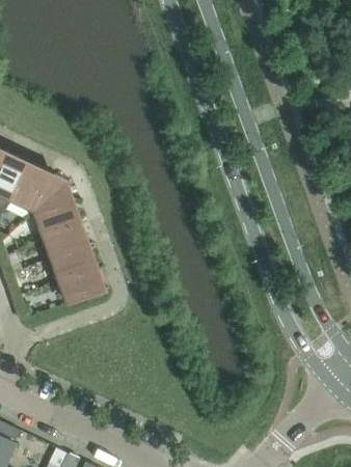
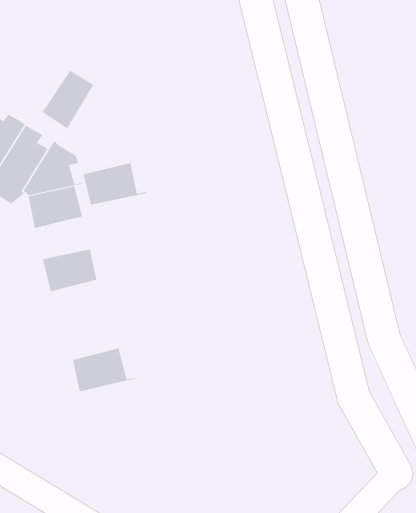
building: none -> [42,70,94,129]
building: [45,223,93,257] -> [82,163,148,205]
building: [61,268,109,303] -> [72,348,136,392]

